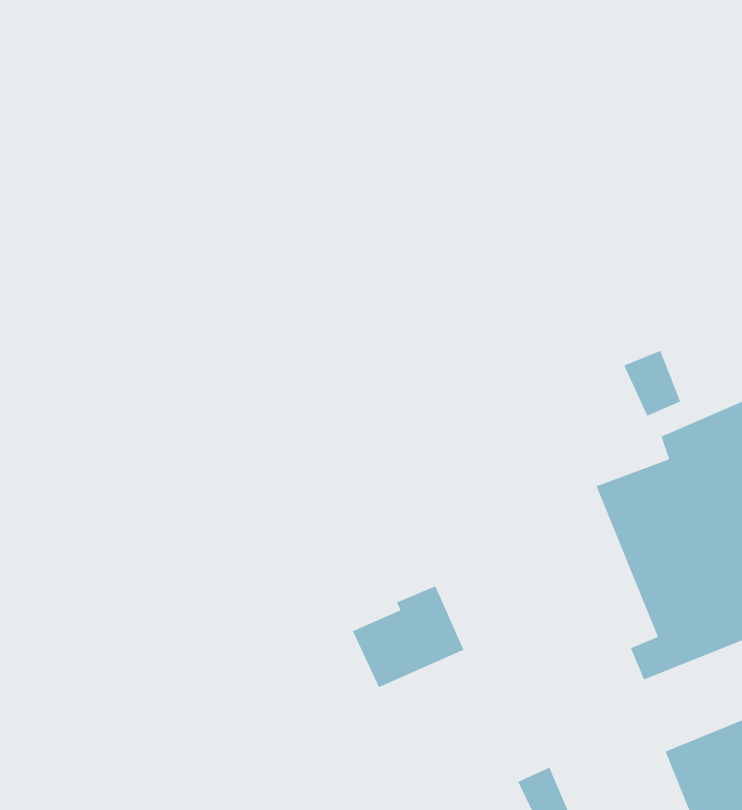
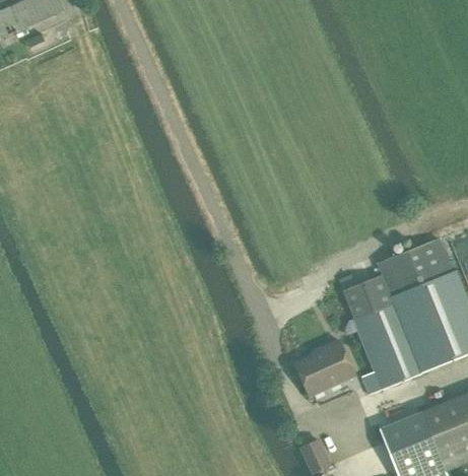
building: [623,350,681,417] -> none
building: [352,585,465,688] -> [295,340,355,395]

